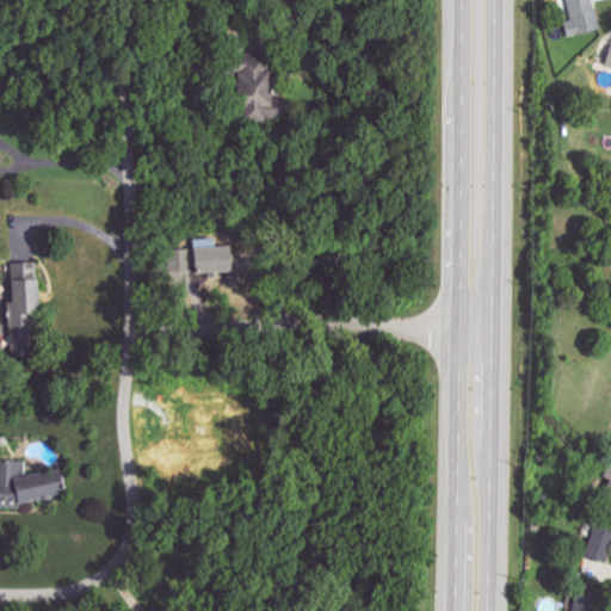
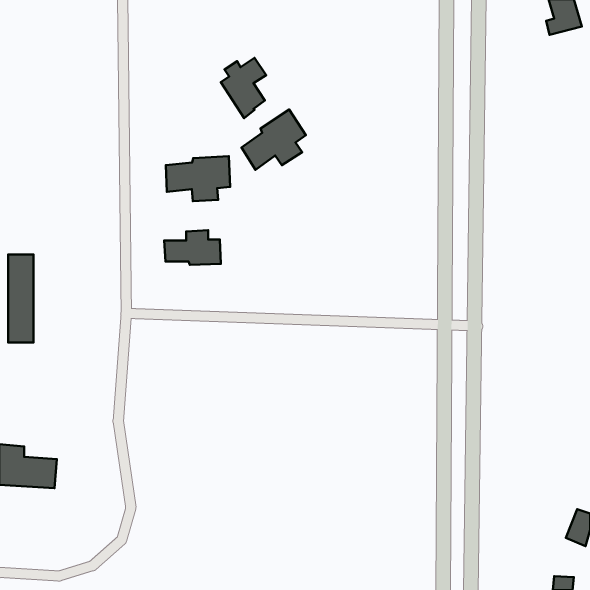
building: none -> [242,110,306,170]
building: none -> [166,156,230,201]

